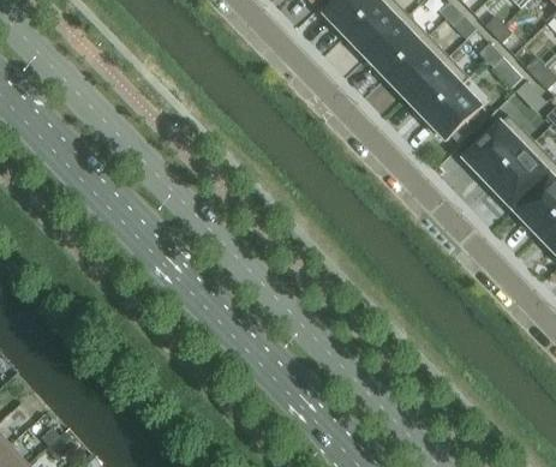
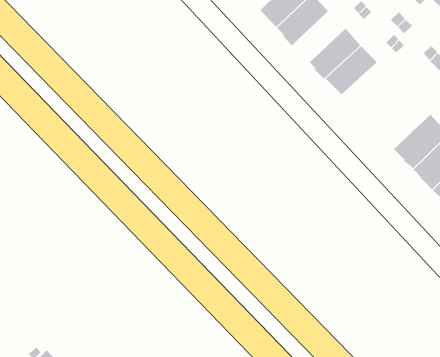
building: [365,16,431,78] -> none
building: [426,78,483,140] -> none
building: [465,115,536,185] -> none

